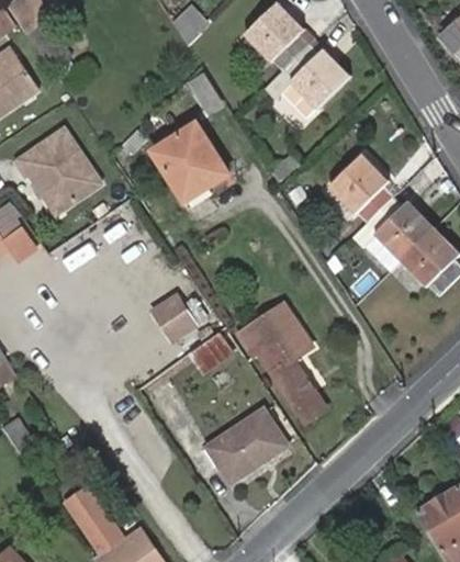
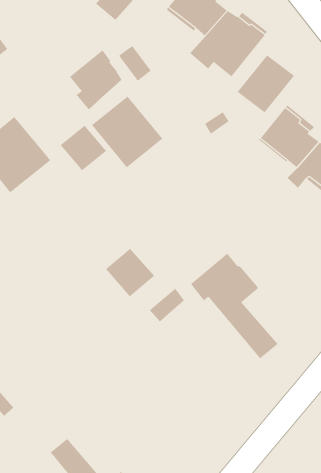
building: none -> [69,49,122,110]
building: none -> [237,55,295,113]
building: none -> [60,125,107,171]
building: [206,411,284,481] -> none

